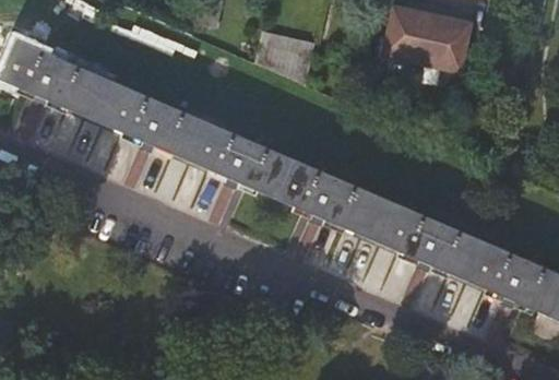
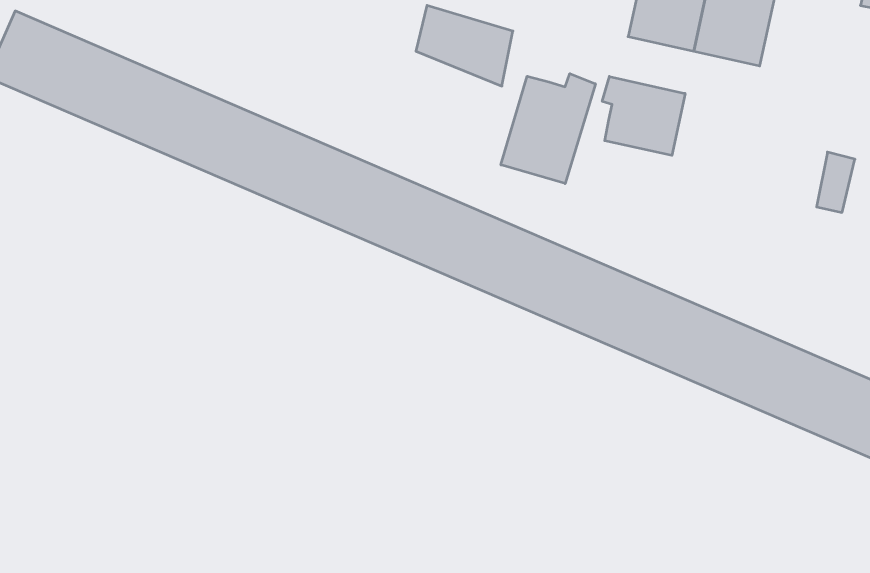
building: none -> [501,74,595,184]
building: none -> [602,76,685,155]

